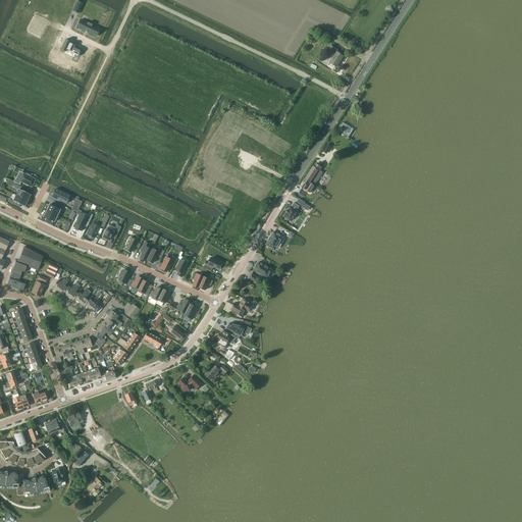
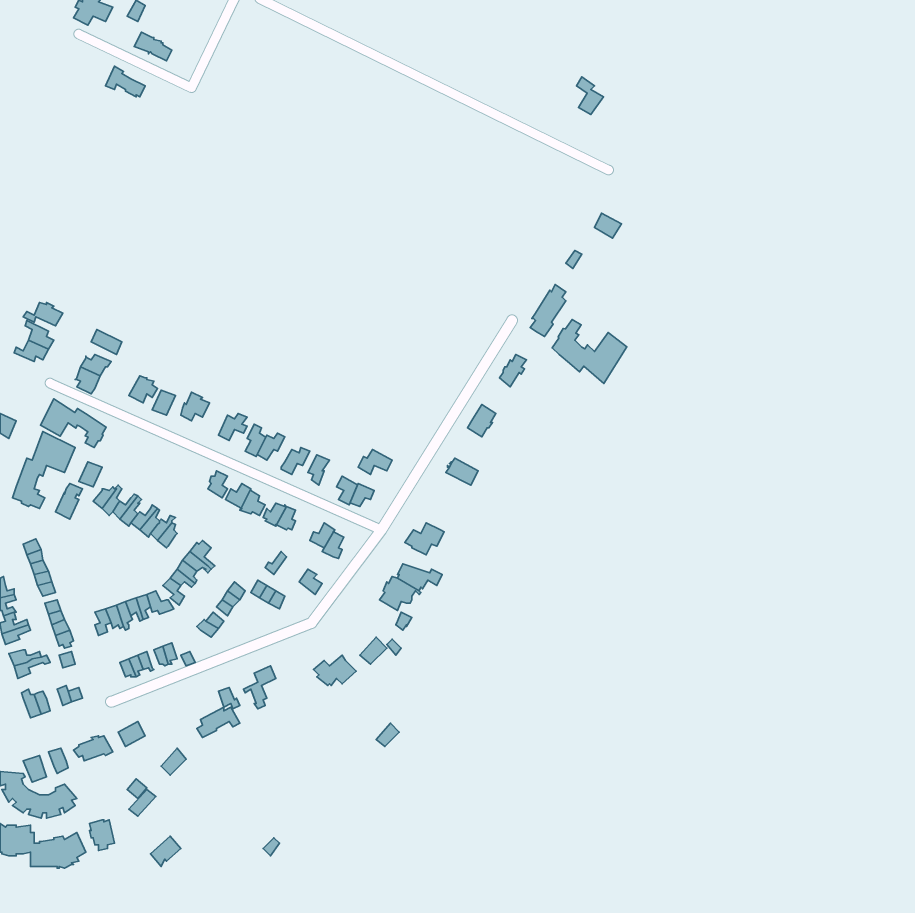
building: none -> [552,319,627,384]
building: none -> [41,399,106,447]

